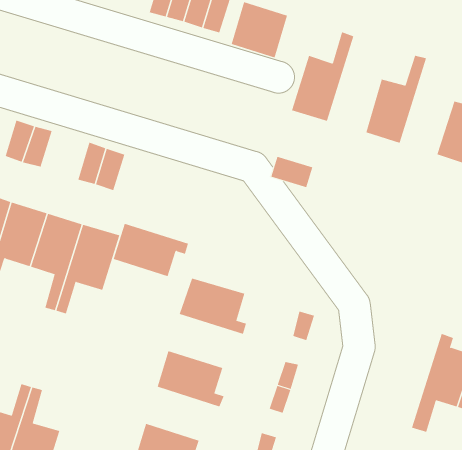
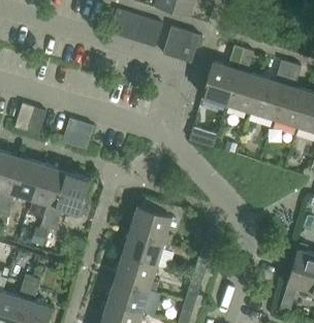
building: none -> [225,50,260,112]
building: none -> [273,64,308,127]
building: [113,223,189,277] -> [121,231,170,266]
building: none -> [106,279,155,314]

